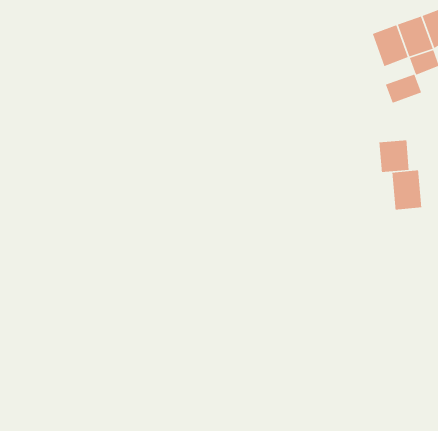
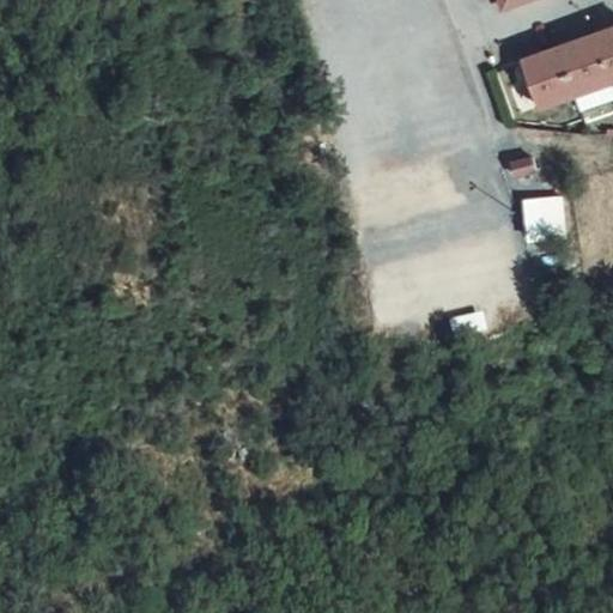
building: [385,73,422,104] -> none
building: [391,169,422,210] -> none

